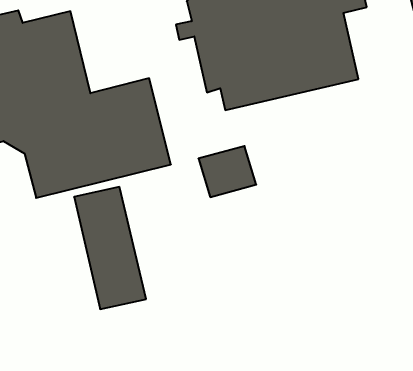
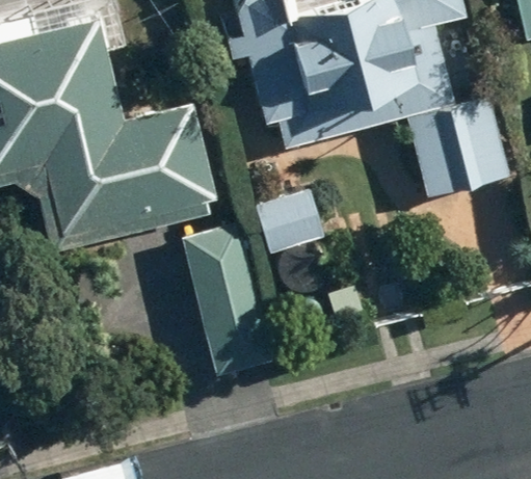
building: none -> [407,97,509,195]
building: [74,187,146,309] -> [182,224,271,376]

